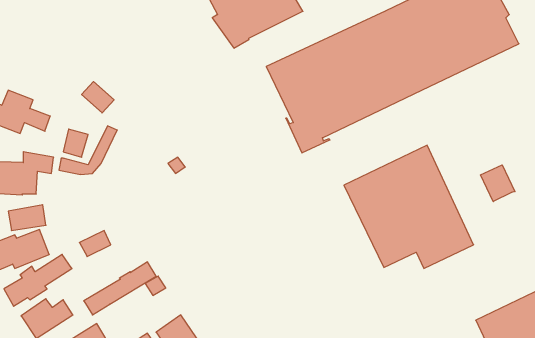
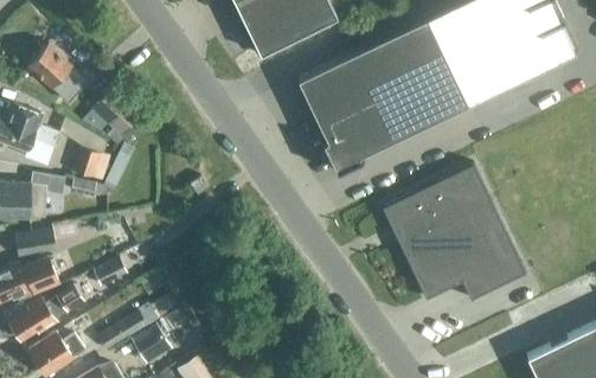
building: none -> [28,45,88,103]
building: [480,165,515,202] -> none
building: none -> [133,327,172,366]

